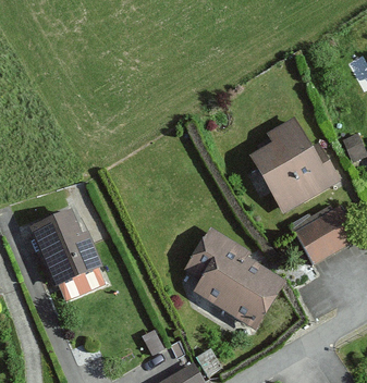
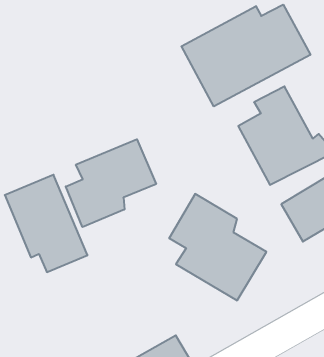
building: none -> [181,5,310,106]
building: none -> [66,139,156,227]

